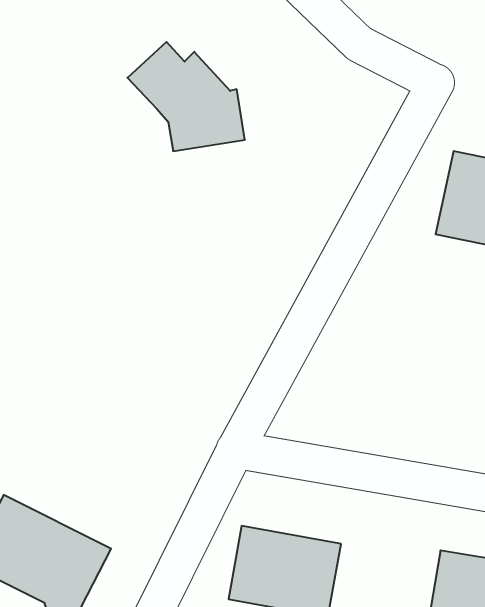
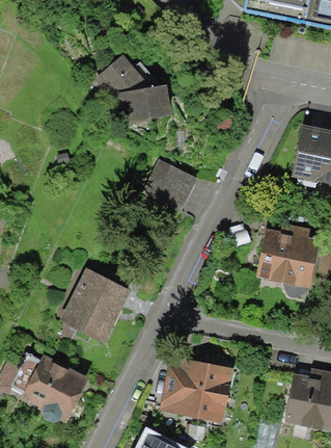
building: none -> [139,158,197,217]
building: none -> [259,228,315,289]
building: none -> [59,266,132,343]

